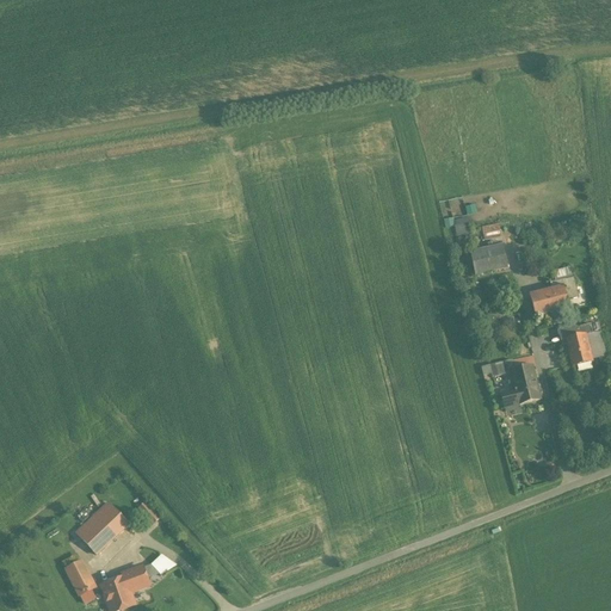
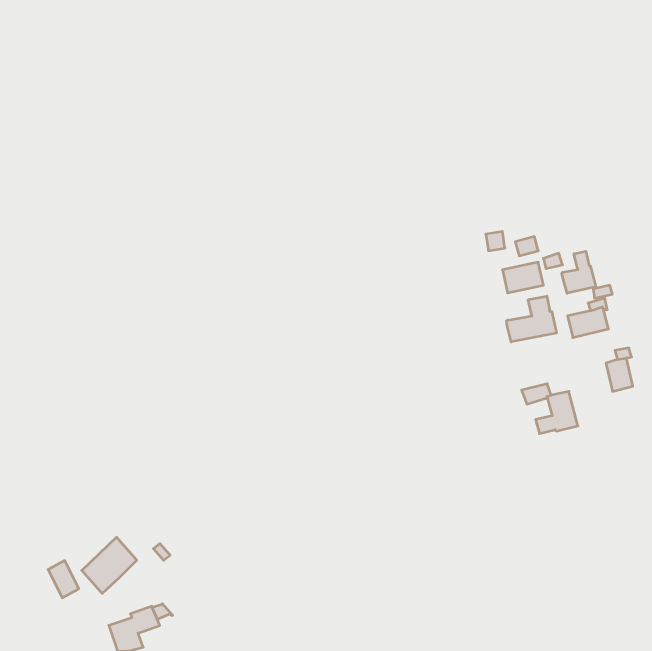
building: none -> [562,251,596,293]
building: none -> [507,296,556,342]
building: [67,560,95,594] -> [48,561,79,598]

